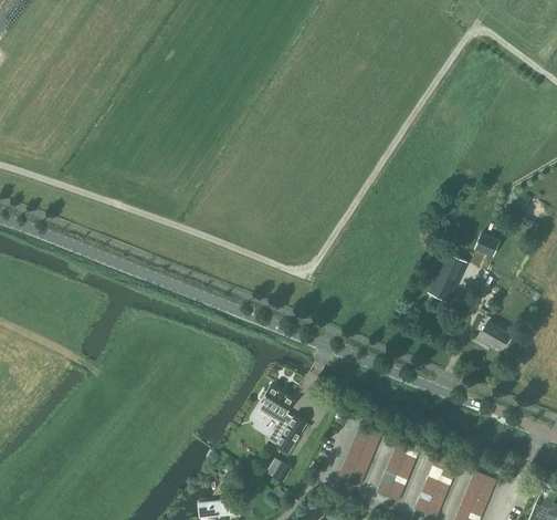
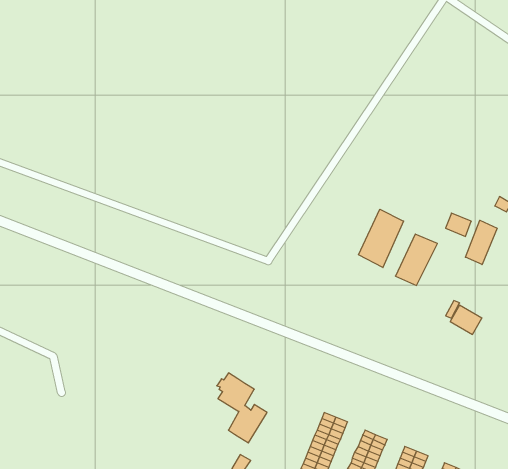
building: none -> [358,209,404,268]
building: none -> [465,220,497,265]

